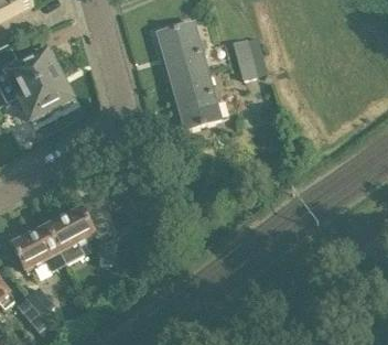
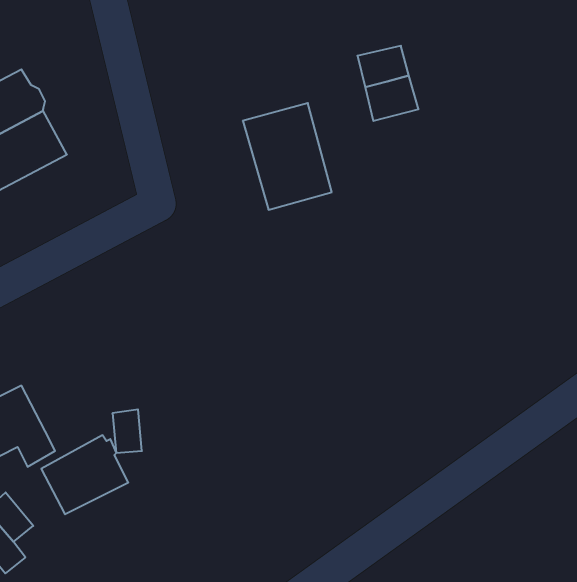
building: [157,21,206,78] -> none
building: [46,207,95,251] -> [41,435,128,514]

